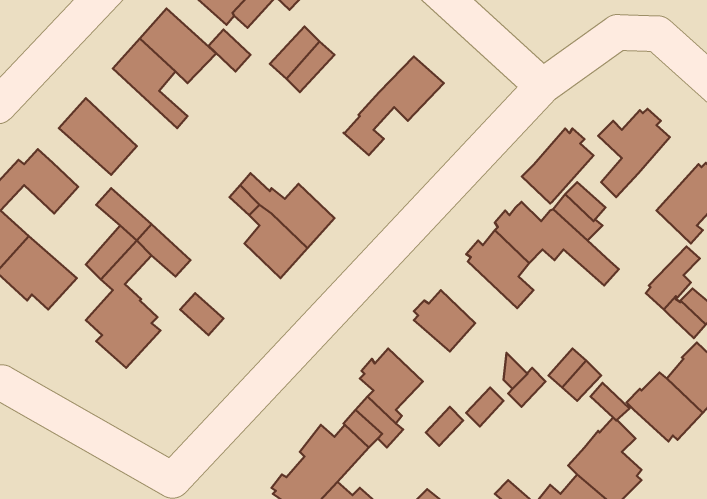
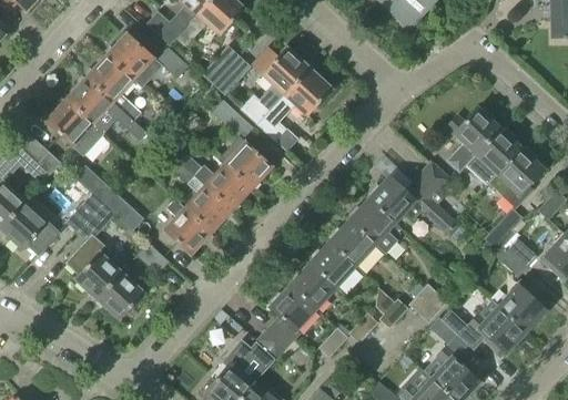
building: none -> [241,48,310,125]
building: none -> [67,78,134,135]
building: none -> [212,101,272,188]
building: [522,129,594,204] -> [467,129,520,184]
building: none -> [163,199,211,254]
building: none -> [328,220,386,266]
building: none -> [290,264,336,309]
building: none -> [97,271,144,319]

